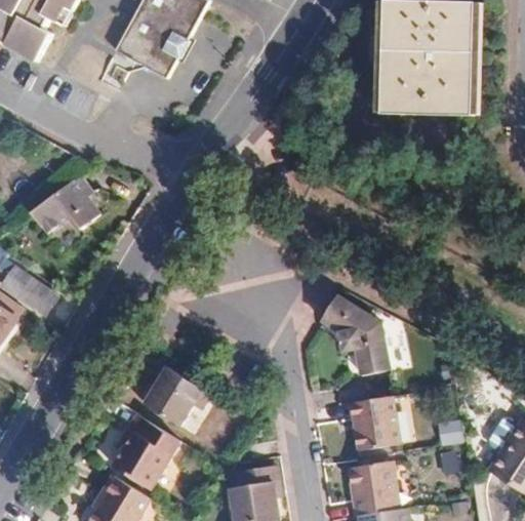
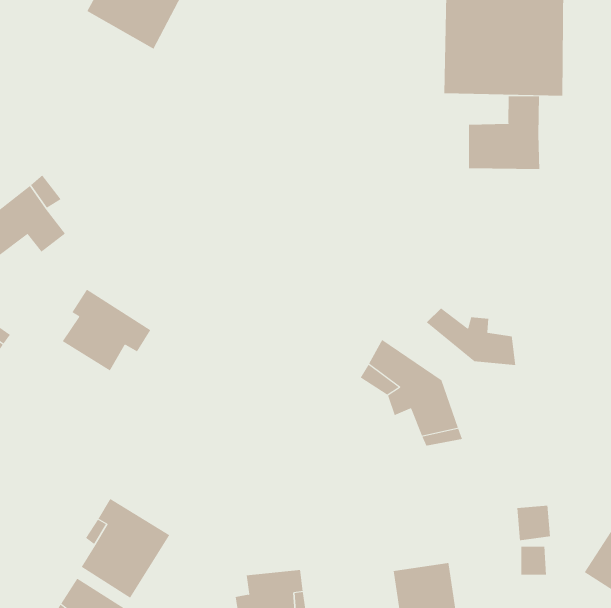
building: none -> [468,95,540,170]
building: none -> [426,307,516,366]
building: [143,363,209,425] -> [62,289,151,371]
building: [350,397,398,451] -> none

